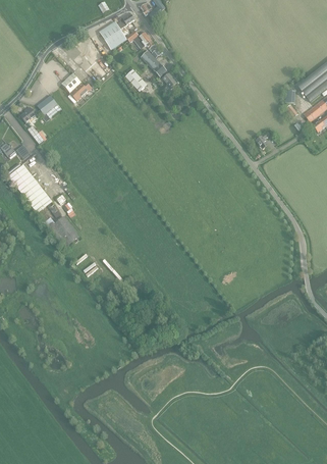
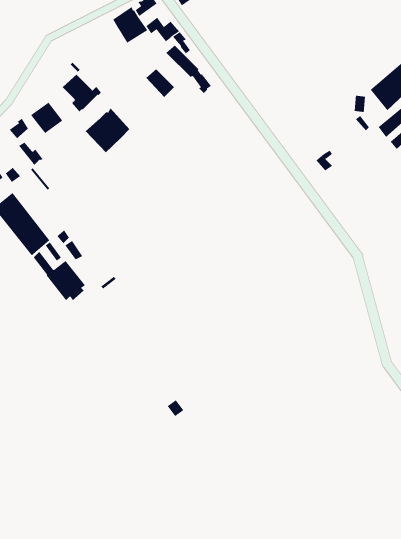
building: none -> [85,108,130,153]

